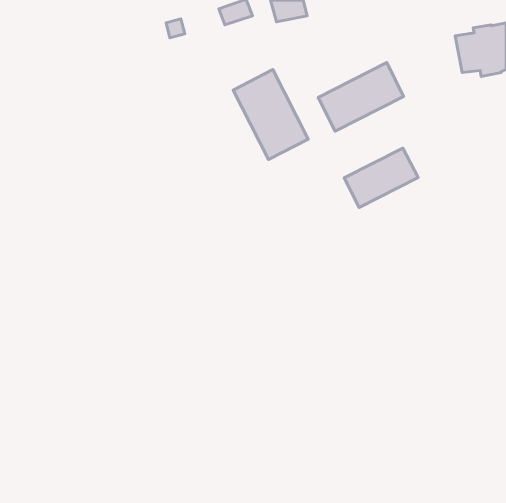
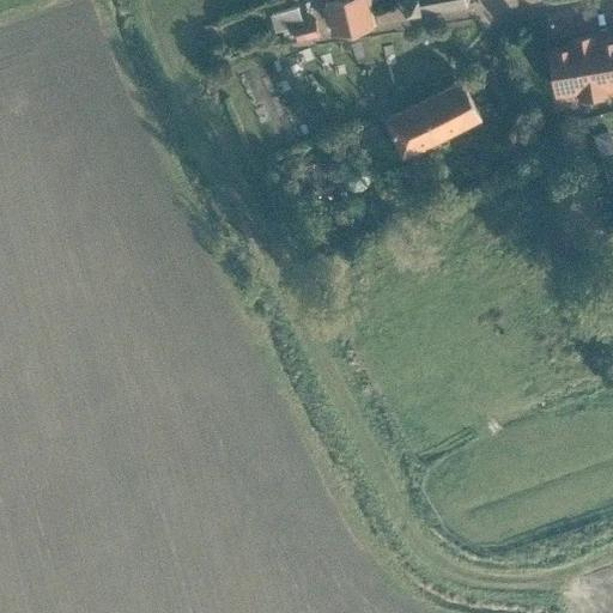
building: [233,70,308,160] -> none
building: [344,148,418,207] -> none

